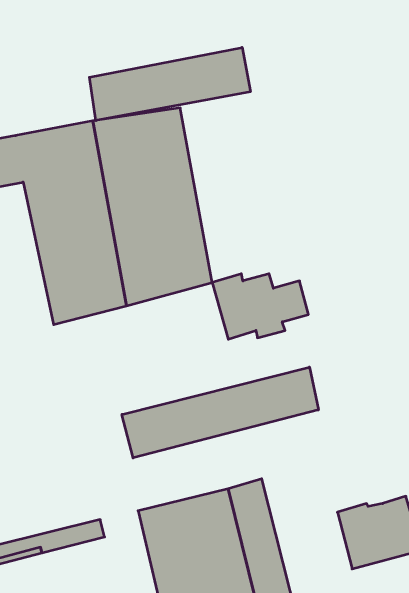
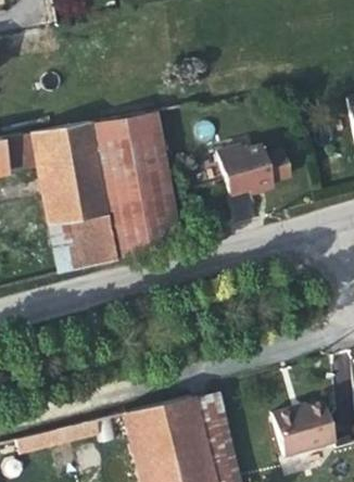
building: [89,47,250,121] -> none
building: [212,274,308,339] -> [218,145,290,194]
building: [122,367,318,458] -> none

